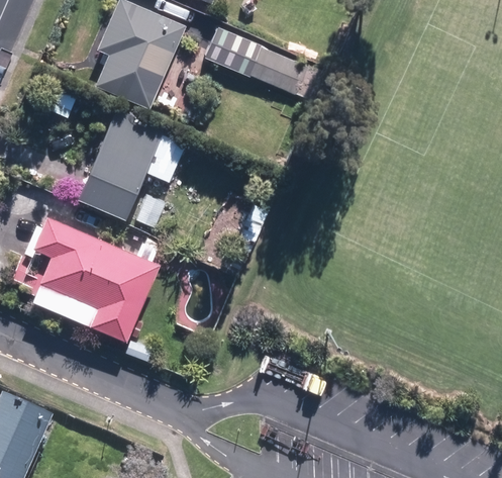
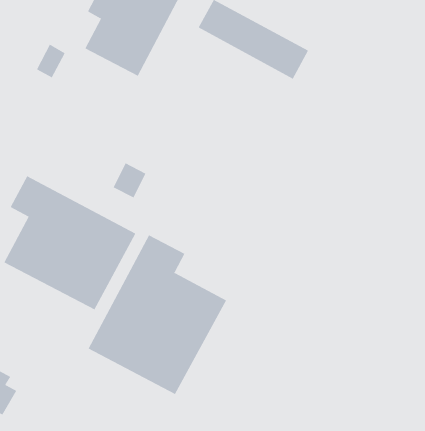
building: [78,108,166,218] -> none
building: none -> [88,234,227,395]

